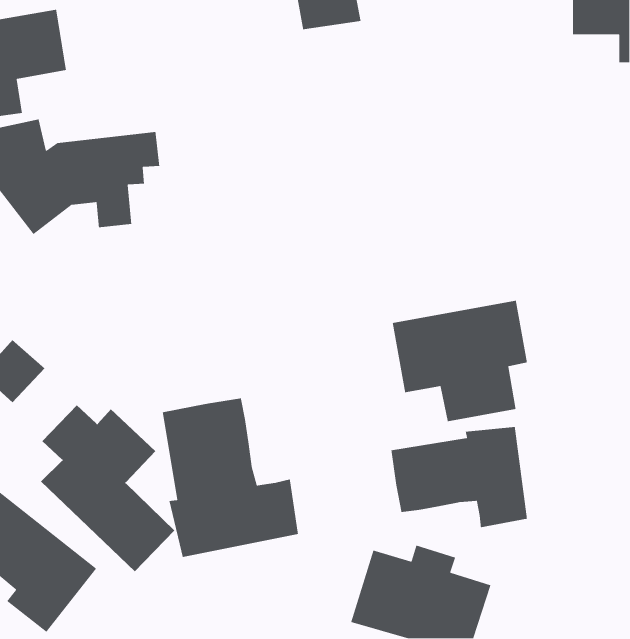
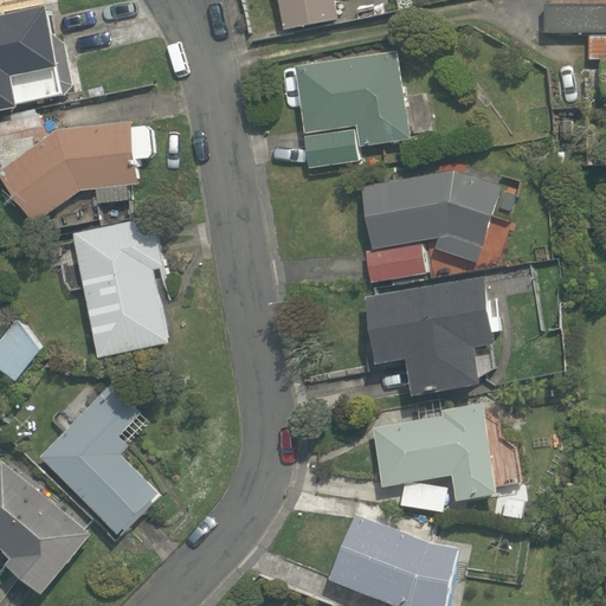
building: none -> [294,57,407,154]
building: none -> [360,173,494,286]
building: none -> [56,215,170,357]
building: [162,398,299,558] -> none

